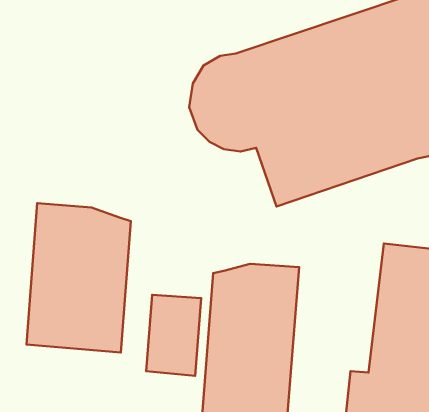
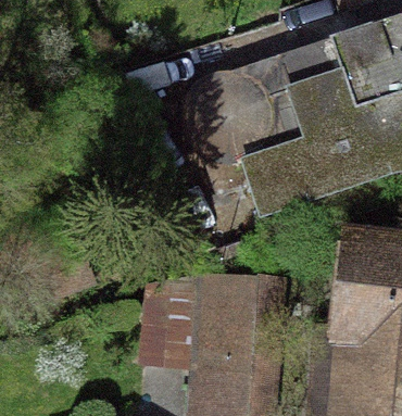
building: [26,203,131,352] -> none

